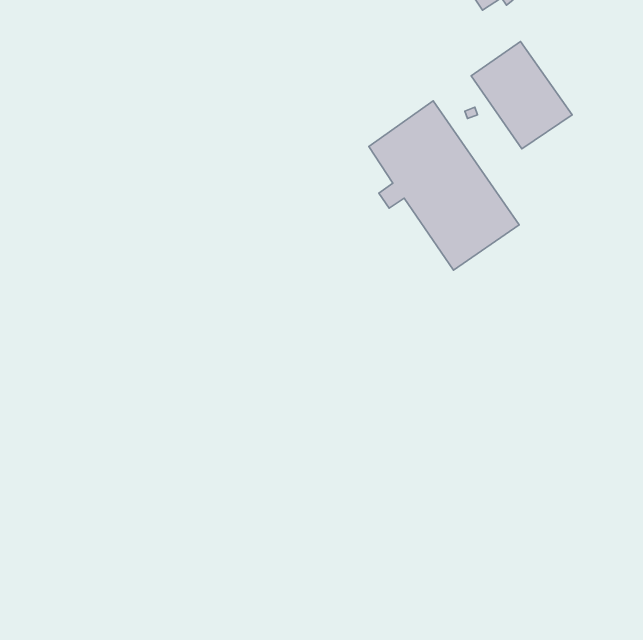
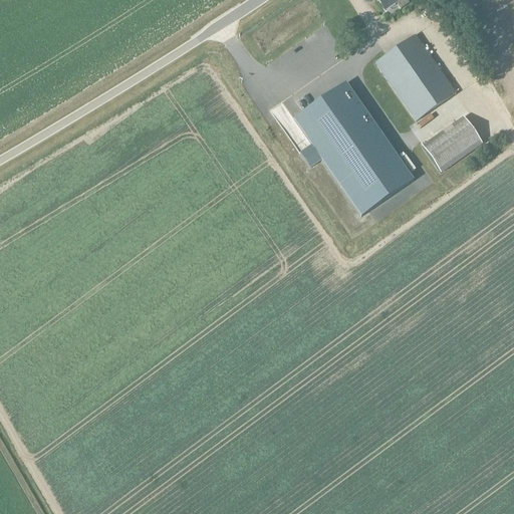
building: none -> [423,114,483,171]

